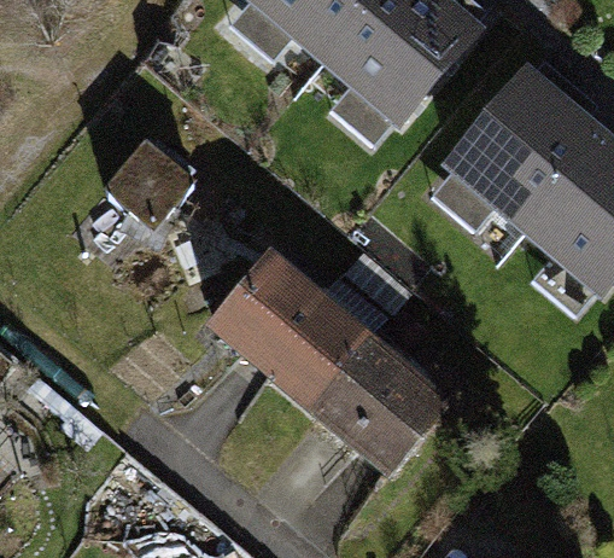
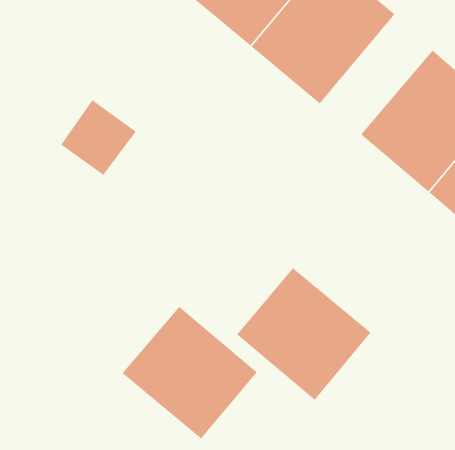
building: [206,245,366,401] -> [121,306,258,440]

